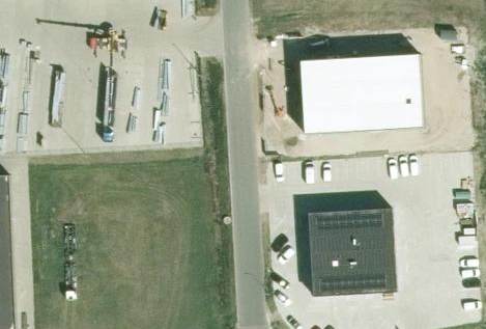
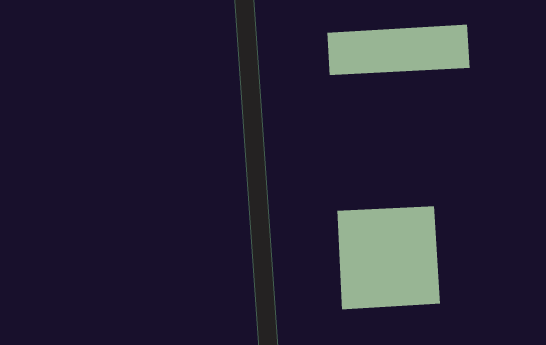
building: [302,90,423,134] -> none

